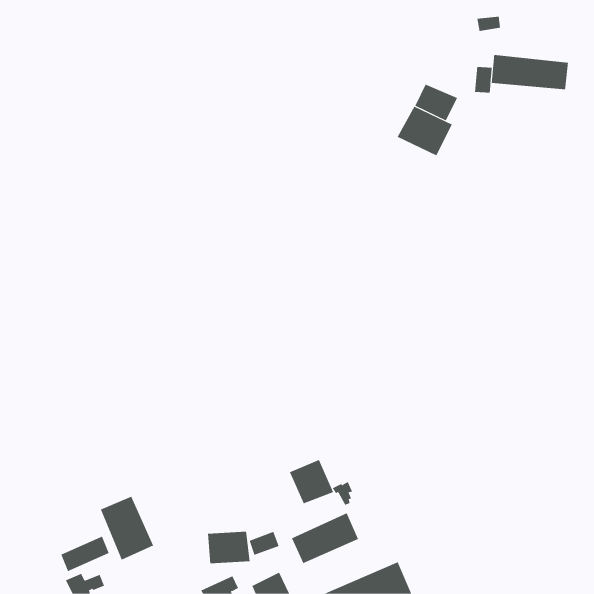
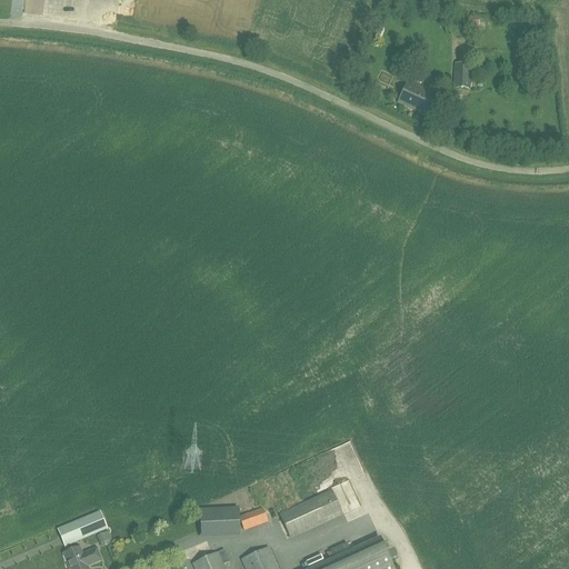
building: [491,54,568,90] -> none
building: [397,106,453,156] -> none
building: [289,459,334,504] -> none
building: [100,496,154,560] -> none

